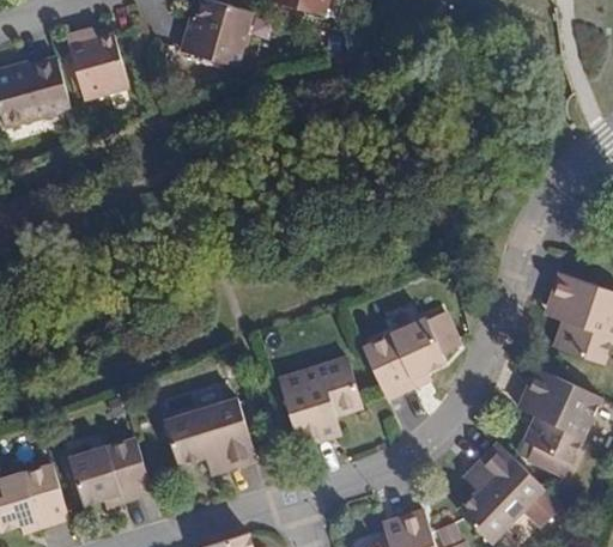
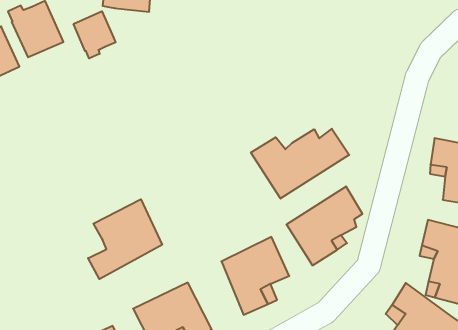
building: none -> [74,11,116,58]
building: none -> [251,129,349,199]
building: none -> [88,199,162,279]

